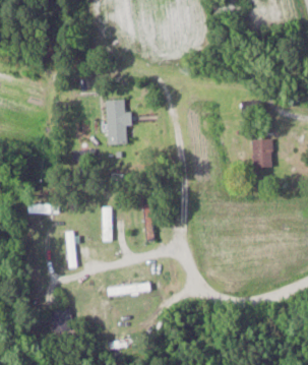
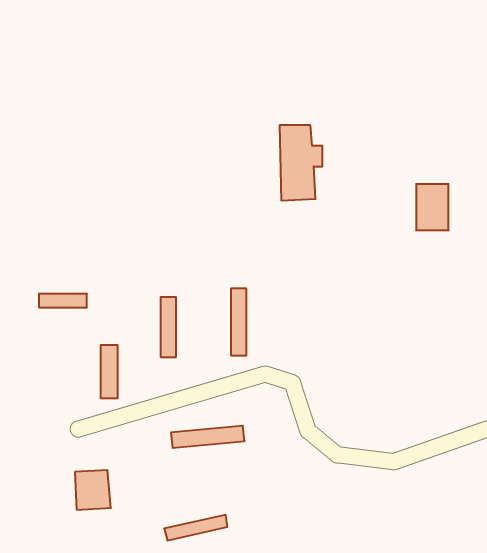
building: [106,100,131,144] -> [280,125,322,201]

